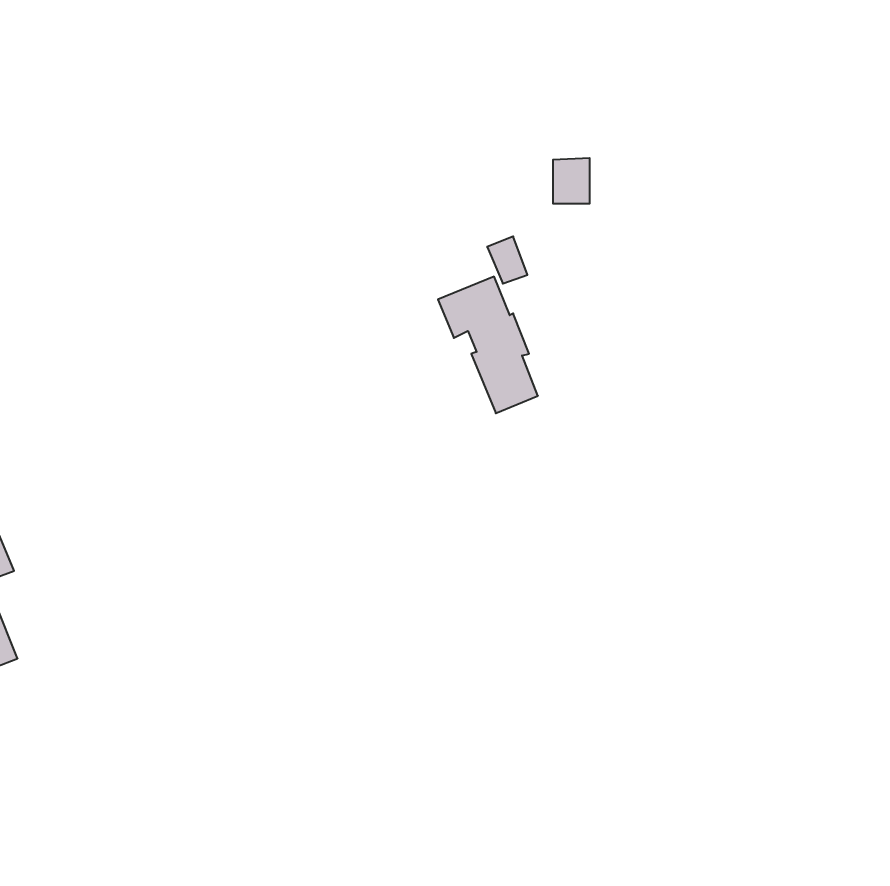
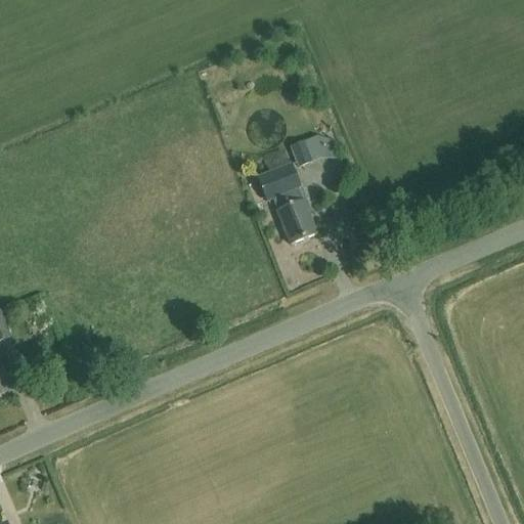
building: [553,158,590,204] -> [310,135,332,162]

